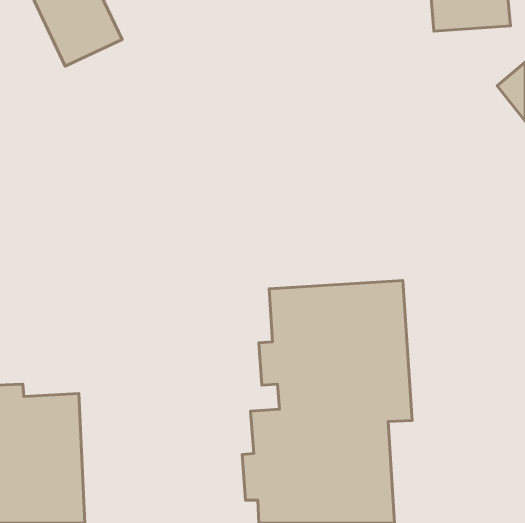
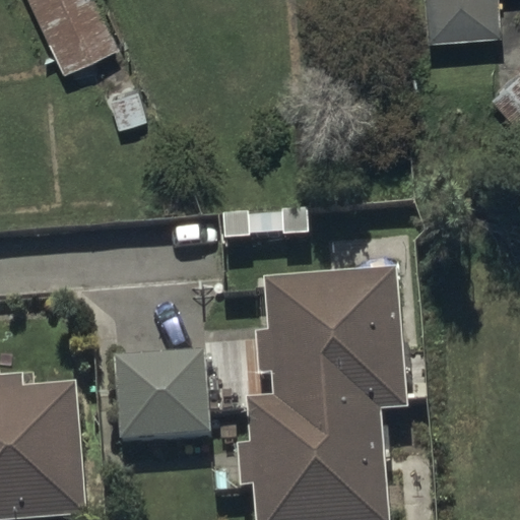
building: none -> [111,352,209,441]

